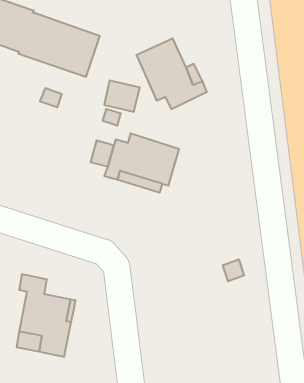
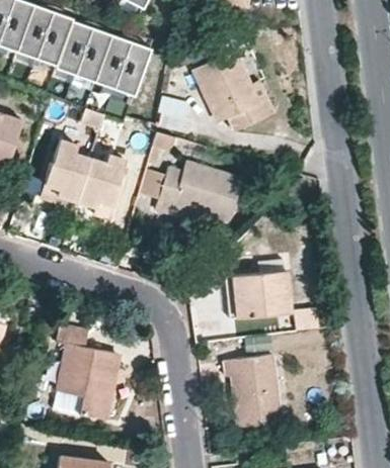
building: none -> [38,138,126,220]
building: none -> [232,270,290,318]
building: none -> [224,354,281,427]

